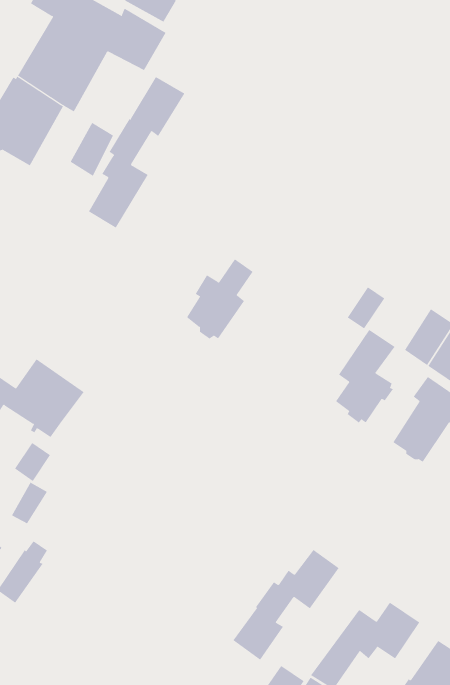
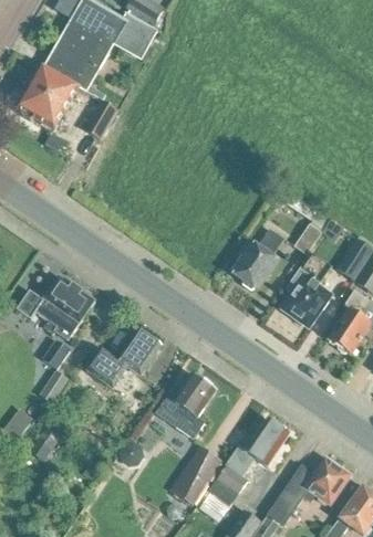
building: [88,76,185,228] -> none
building: [186,258,254,339] -> [232,229,283,289]
building: none -> [86,335,160,385]
building: none -> [155,373,216,441]
building: none -> [169,445,224,506]

